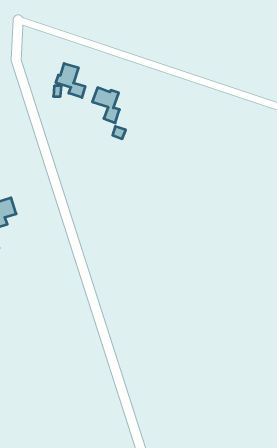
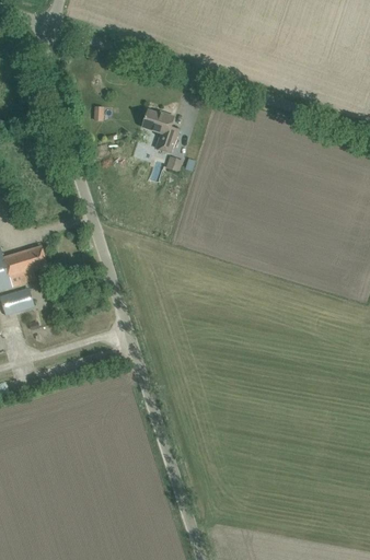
building: [56,63,85,98] -> none

